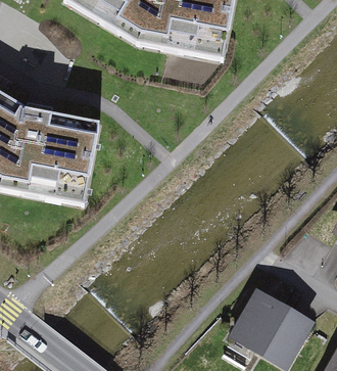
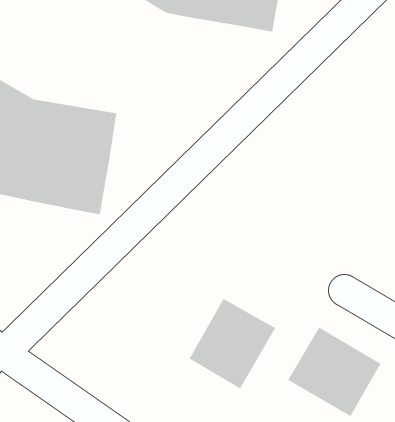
building: none -> [189,298,276,389]

